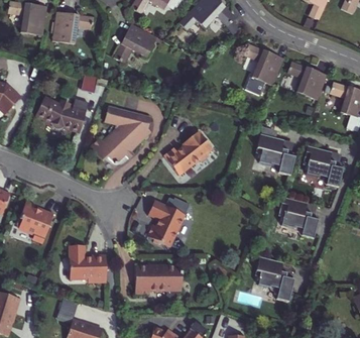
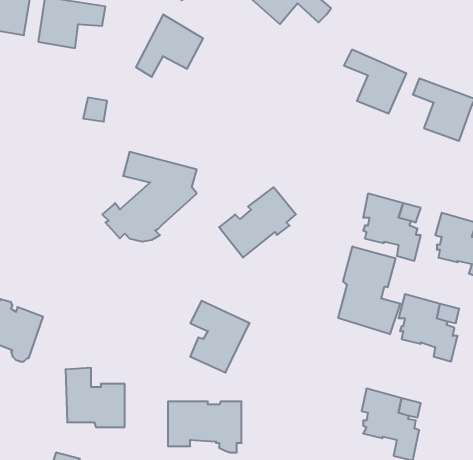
building: [36,98,89,132] -> none
building: none -> [338,246,400,334]

